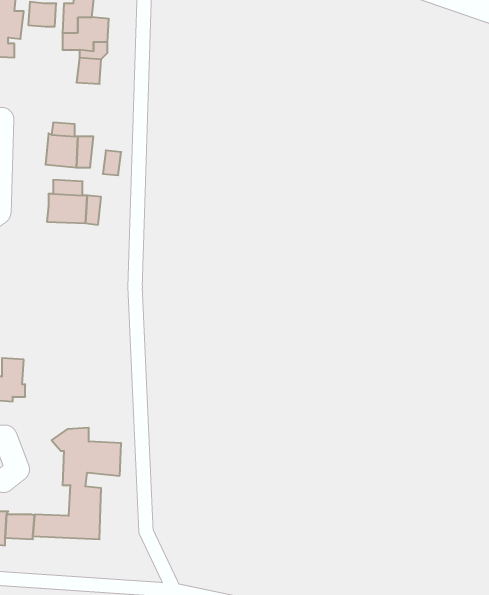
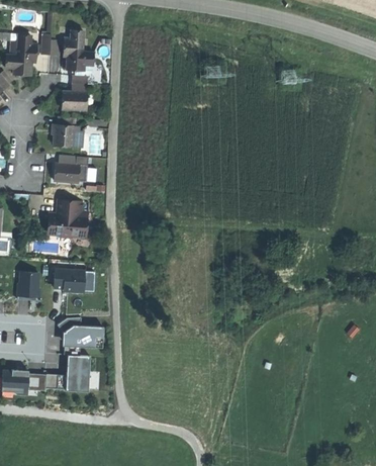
building: none -> [63,91,88,110]
building: none -> [50,202,86,239]
building: none -> [54,270,85,292]

